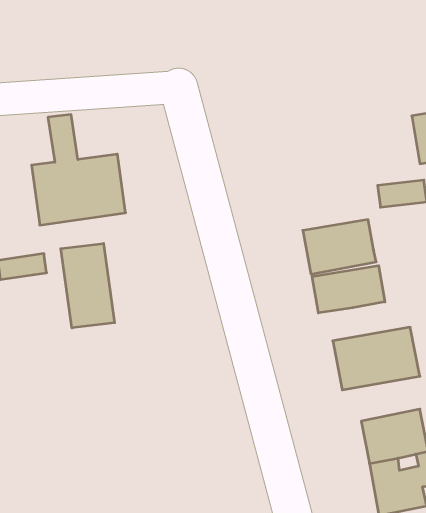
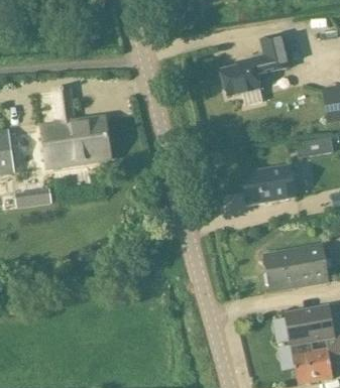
building: none -> [220,33,288,105]
building: [61,243,115,328] -> none
building: [312,266,385,313] -> none

